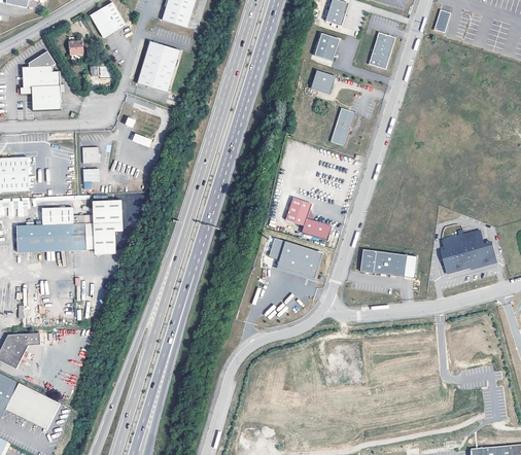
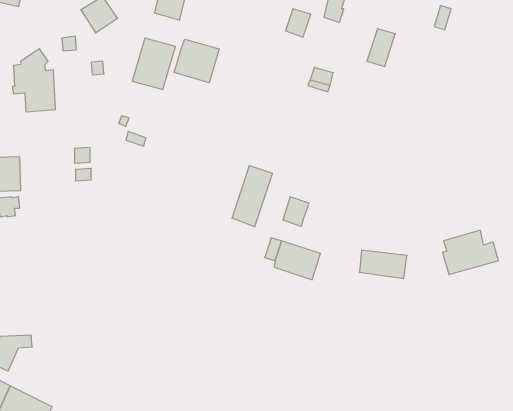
building: [314,33,339,61] -> [285,9,311,37]
building: none -> [174,39,219,83]
building: [329,107,355,146] -> none
building: none -> [232,165,273,227]
building: [16,202,126,254] -> none
building: [301,217,332,240] -> none

